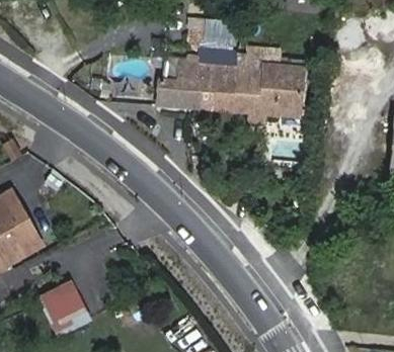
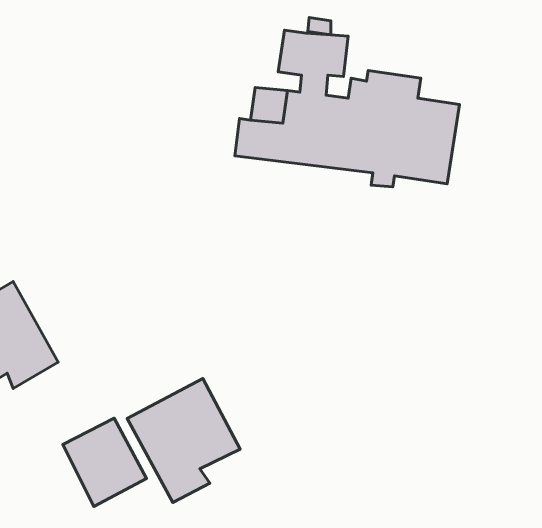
building: none -> [127,379,240,502]

